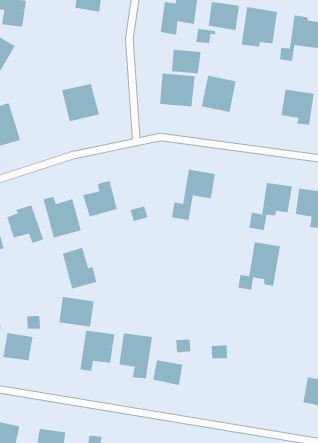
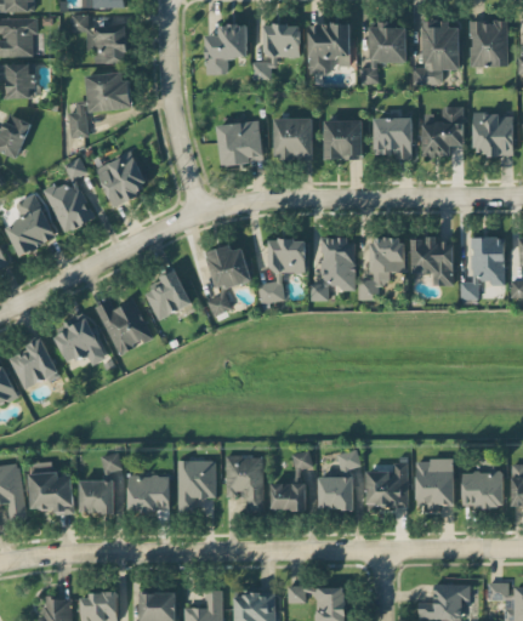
building: none -> [68,72,132,137]
building: [171,49,202,74] -> none
building: none -> [44,158,95,233]
building: none -> [324,120,363,160]
building: none -> [206,245,251,290]
building: [237,241,281,291] -> [311,239,356,301]
building: [62,247,97,289] -> none
building: [59,296,95,327] -> [127,475,170,511]
building: none -> [366,462,408,506]
building: none -> [416,460,454,508]
building: none -> [318,477,353,509]

